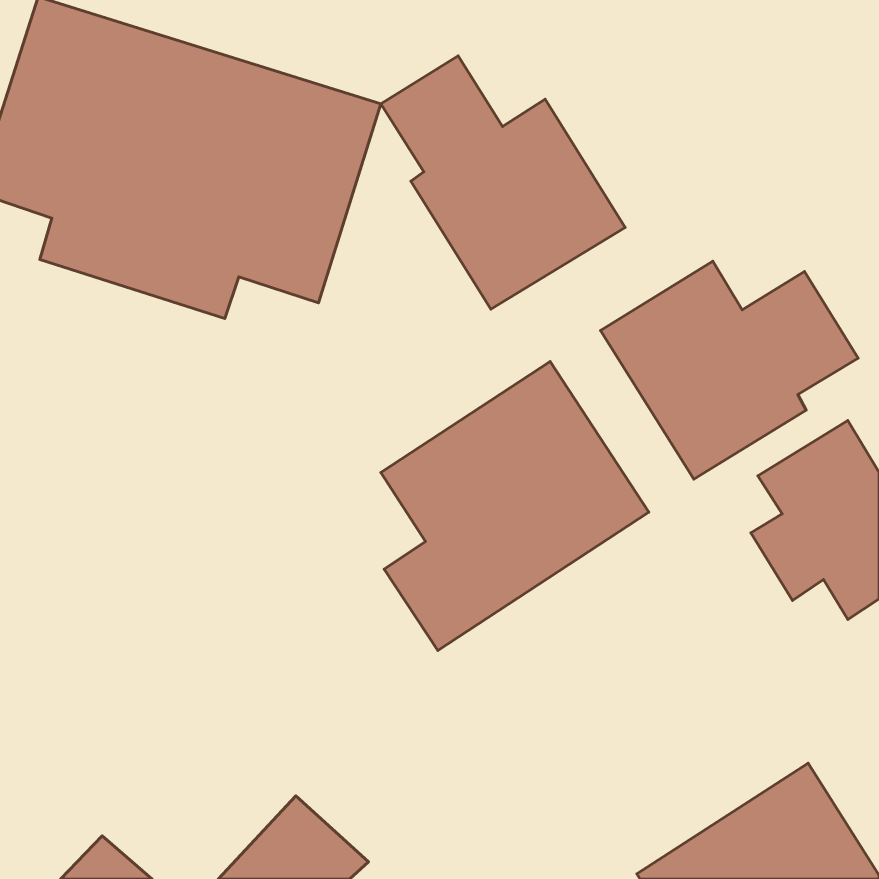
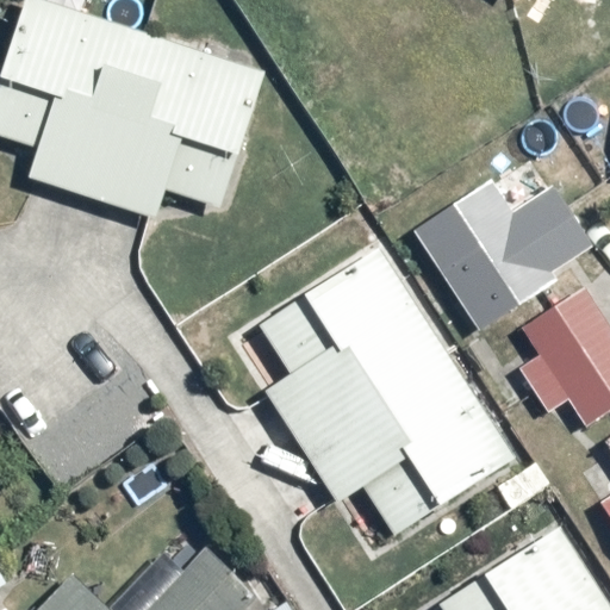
building: [381,56,625,309] -> none
building: none -> [301,353,515,535]

